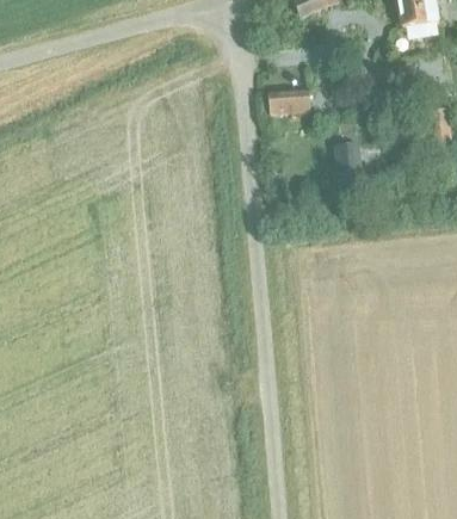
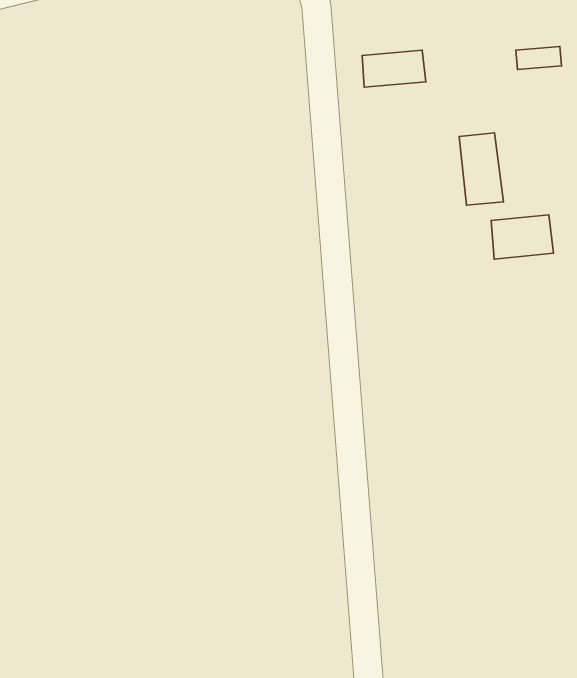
building: none -> [491,215,554,259]

